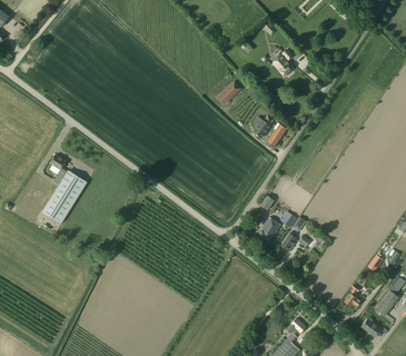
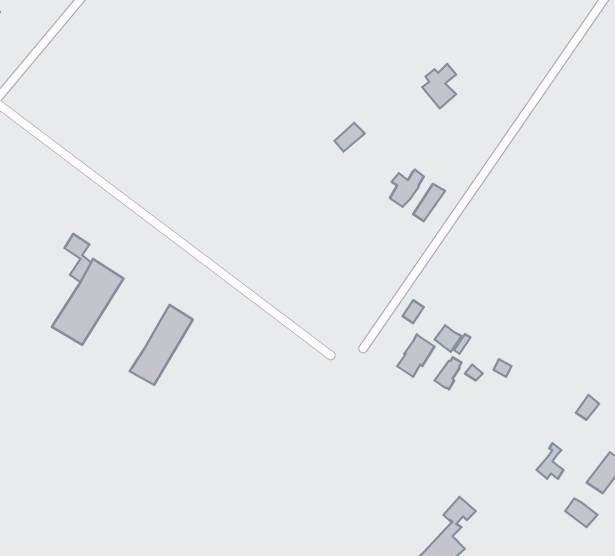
building: none -> [130,305,193,385]

